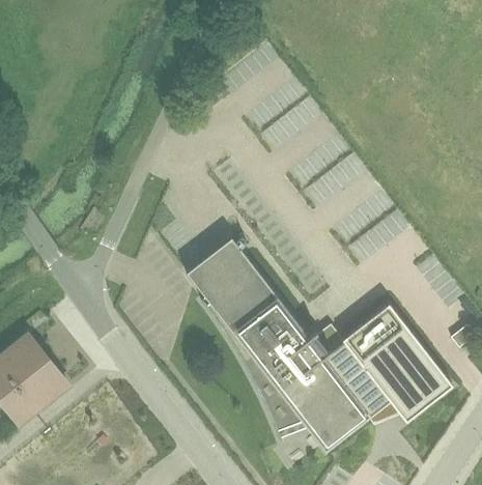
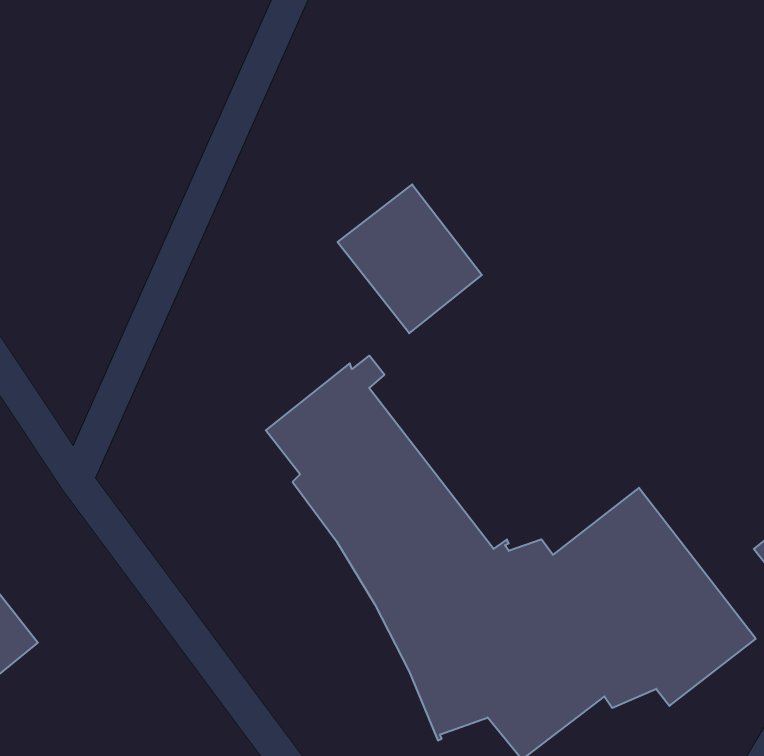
building: none -> [338,184,482,333]

